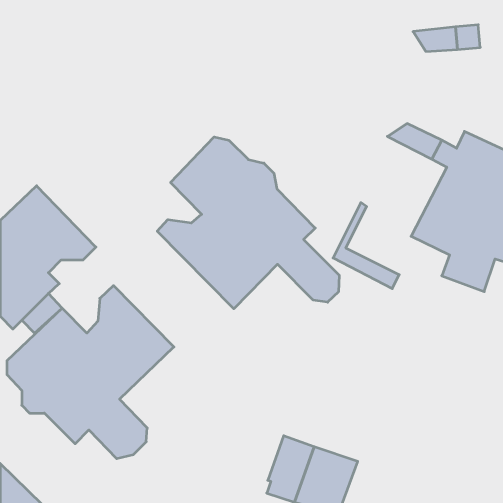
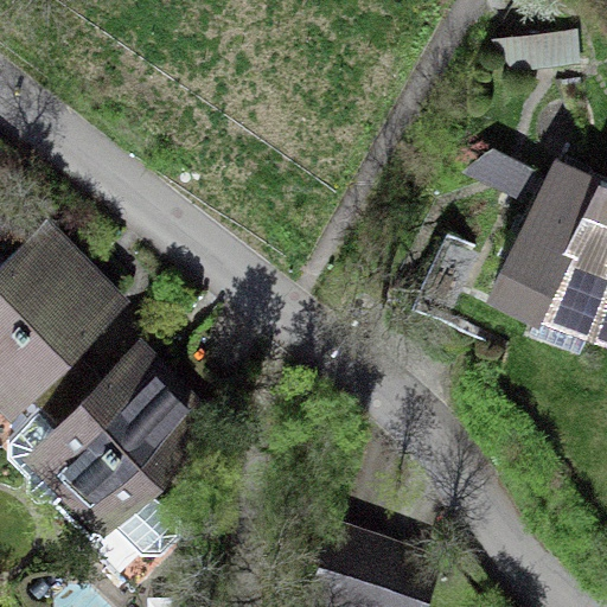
building: [157,137,339,309] -> none

